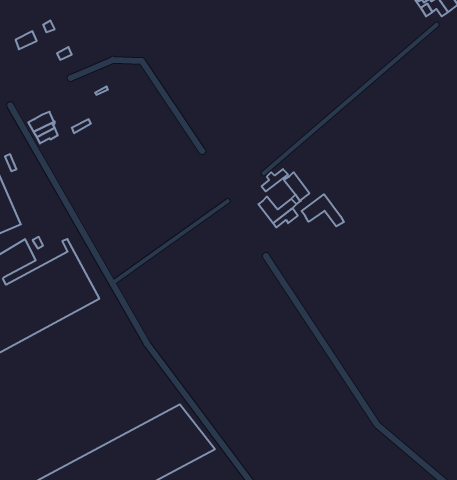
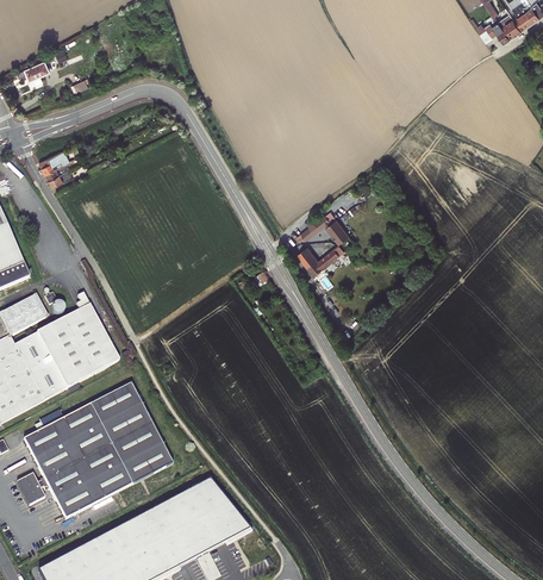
building: [302,194,344,226] -> none
building: none -> [17,381,173,518]

